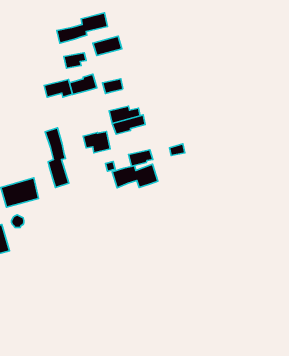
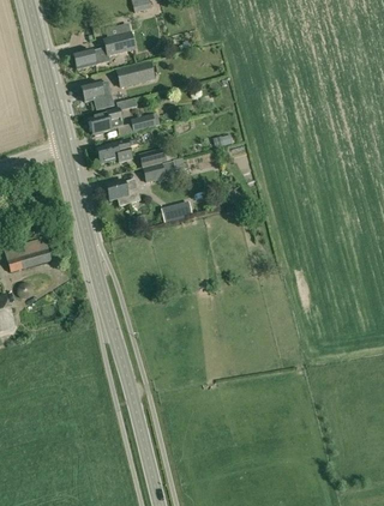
building: [44,80,72,97] -> [96,140,131,162]
building: [45,128,69,188] -> none
building: [112,164,158,188] -> none

